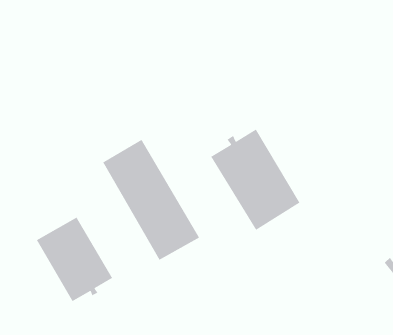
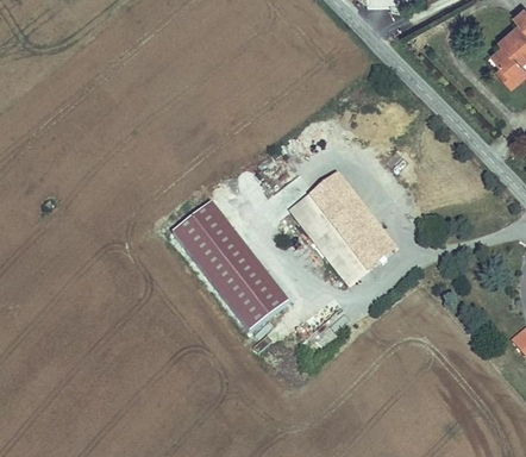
building: [36,216,113,302] -> none

